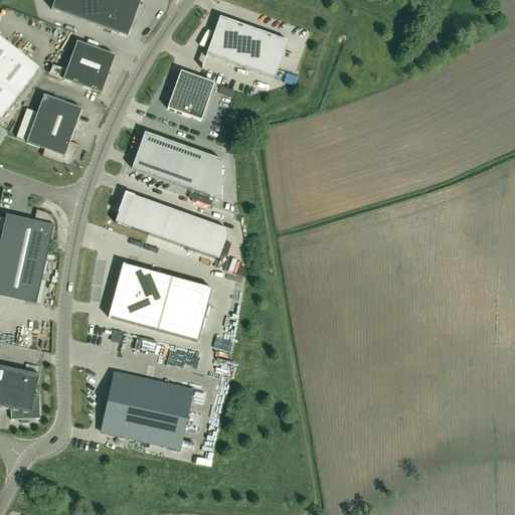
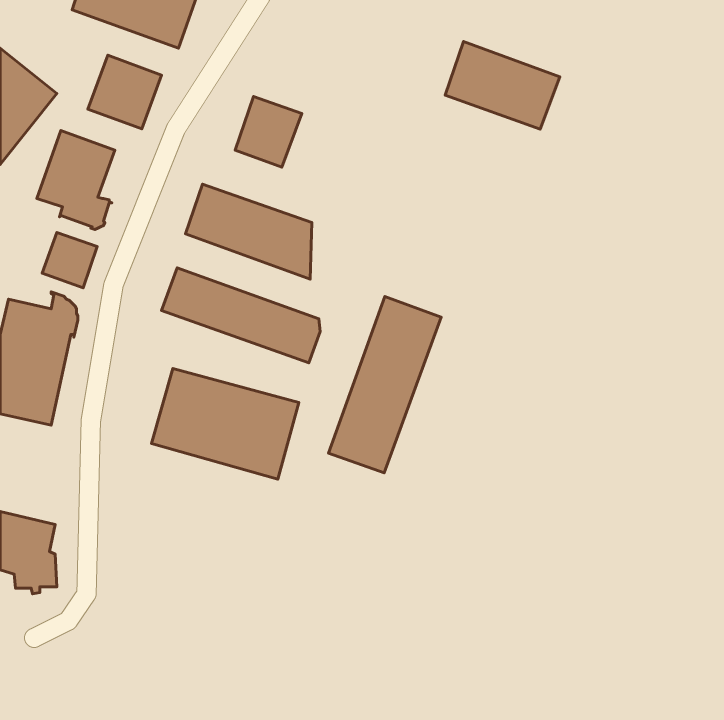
building: [206,14,288,76] -> [445,41,560,129]
building: none -> [42,233,97,288]
building: none -> [328,297,441,473]
building: [101,371,192,448] -> none

